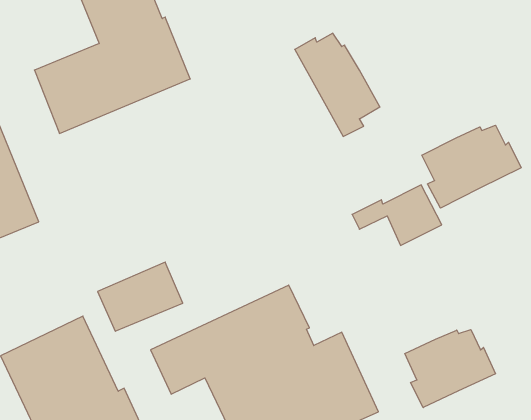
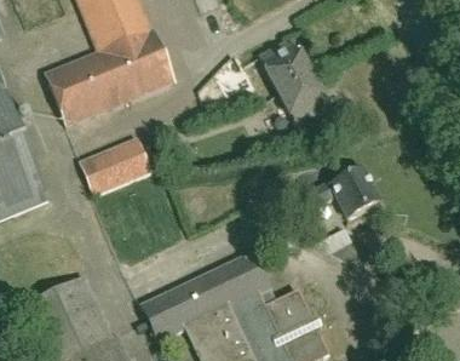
building: [422,125,521,208] -> none
building: [98,262,183,331] -> [80,136,150,193]
building: [405,330,495,408] -> none

